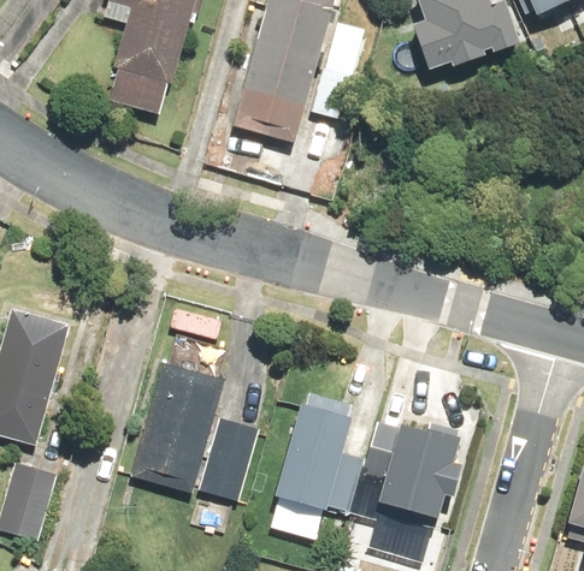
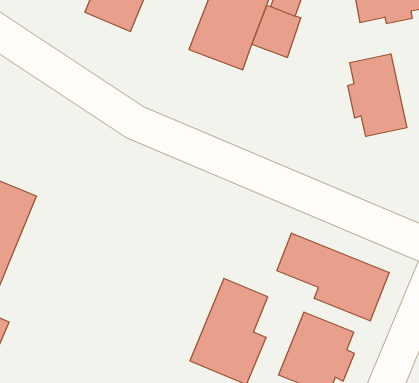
building: none -> [348,54,407,137]
building: none -> [277,233,389,321]
building: [129,361,258,499] -> none

